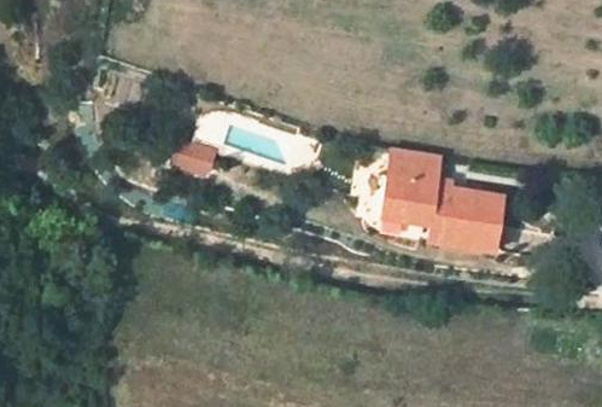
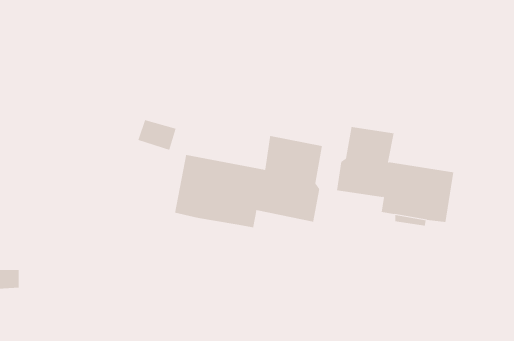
building: none -> [174,135,322,228]

